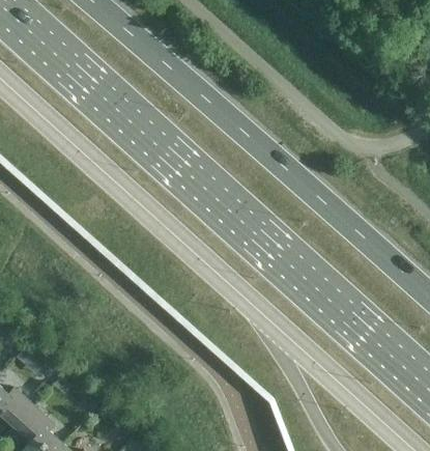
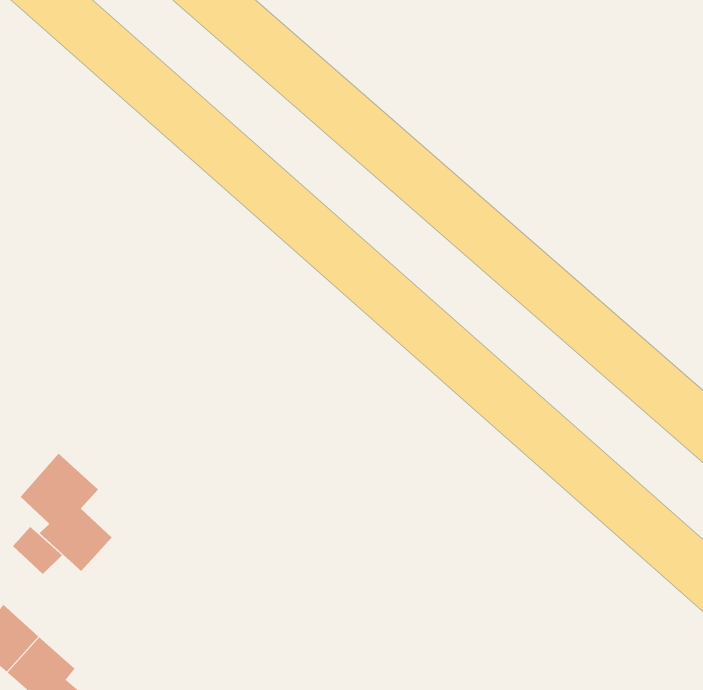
building: none -> [20,453,112,572]

